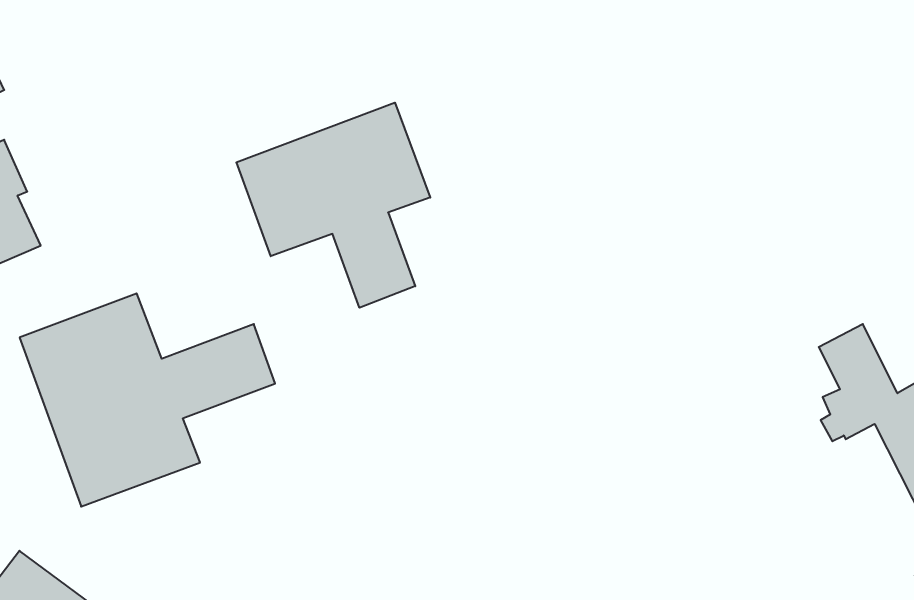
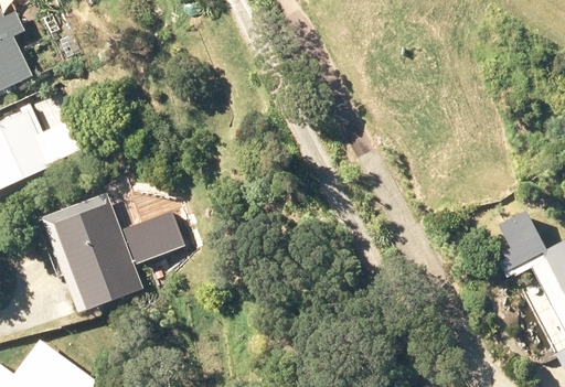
building: [236,103,430,308] -> none

